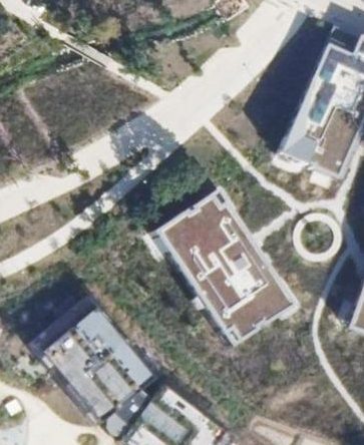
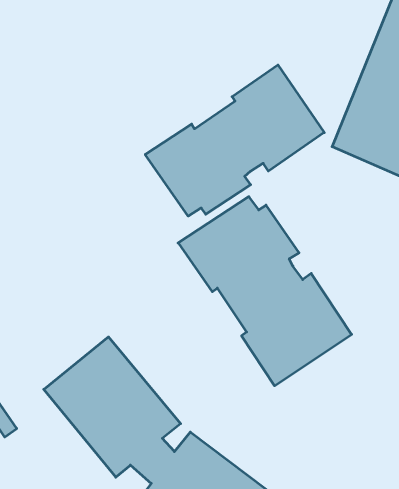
building: none -> [145,65,324,216]

